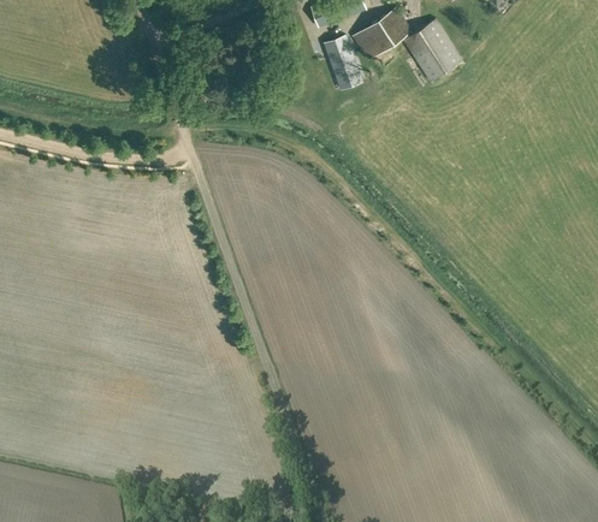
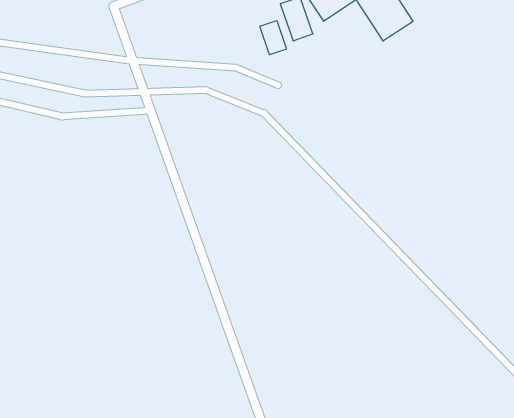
building: none -> [260,21,287,55]

